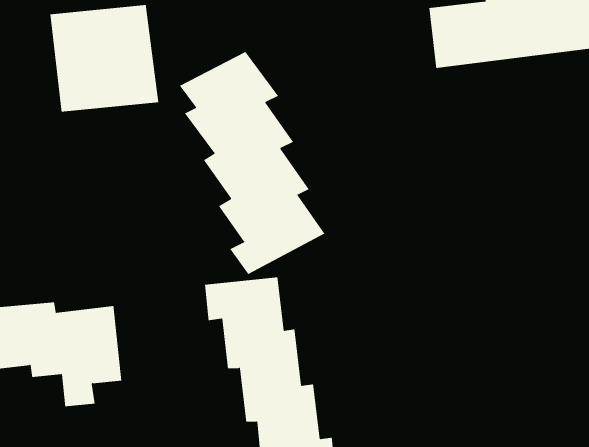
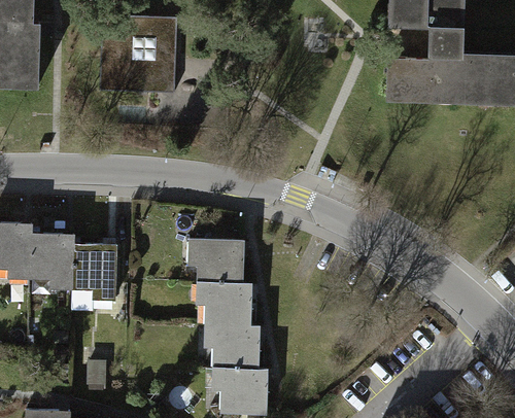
building: [179,51,325,275] -> none

